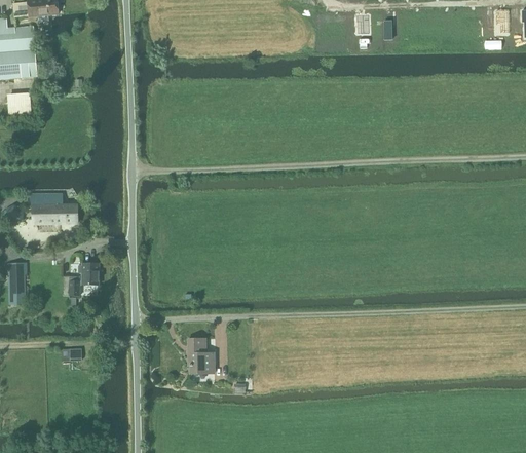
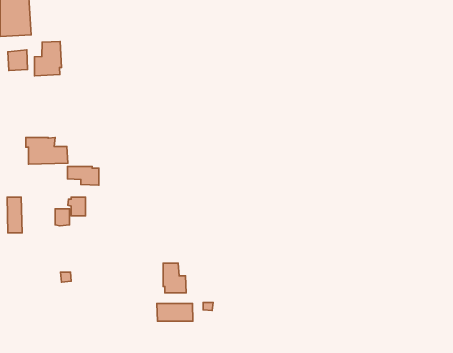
building: none -> [34,41,62,76]
building: none -> [68,167,99,185]
building: none -> [157,303,193,321]

